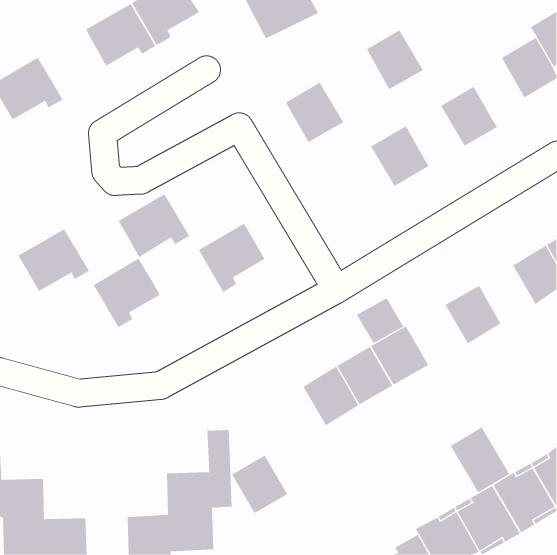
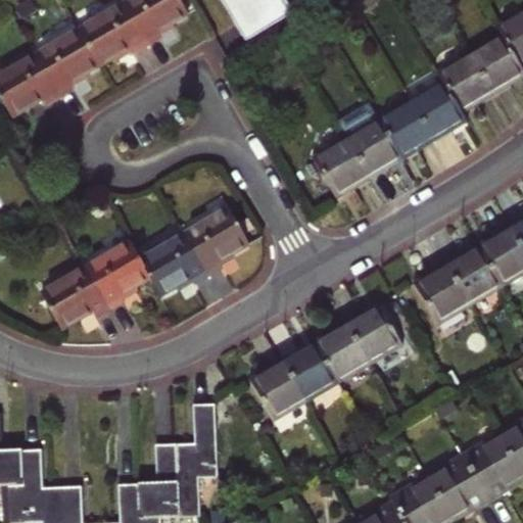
building: none -> [36,28,99,93]
building: [366,30,424,90] -> [380,99,434,155]
building: none -> [438,54,490,109]
building: [285,82,344,143] -> [314,137,369,194]
building: [118,193,190,258] -> [141,234,208,294]
building: [18,228,90,292] -> [43,267,110,326]
building: none -> [448,248,501,302]
building: [356,297,404,344] -> none
building: [450,426,510,493] -> none
building: [231,455,288,514] -> [251,362,304,417]

